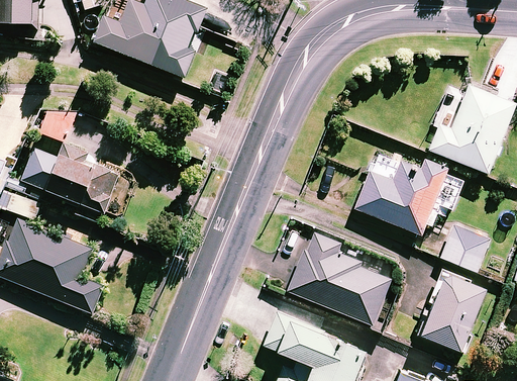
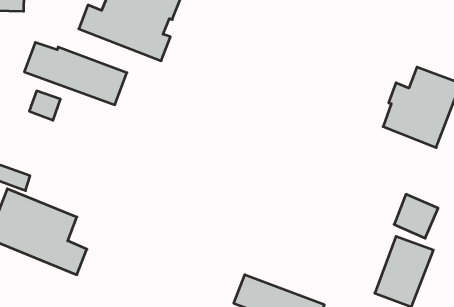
building: [22,149,135,217] -> [24,42,127,105]
building: [355,157,446,234] -> none
building: [288,233,391,325] -> none

